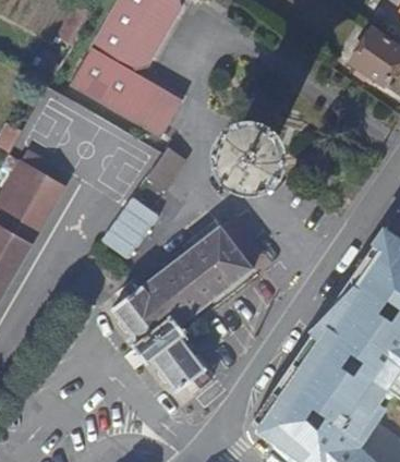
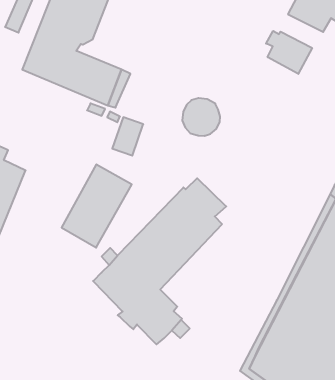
building: none -> [266,31,312,74]

